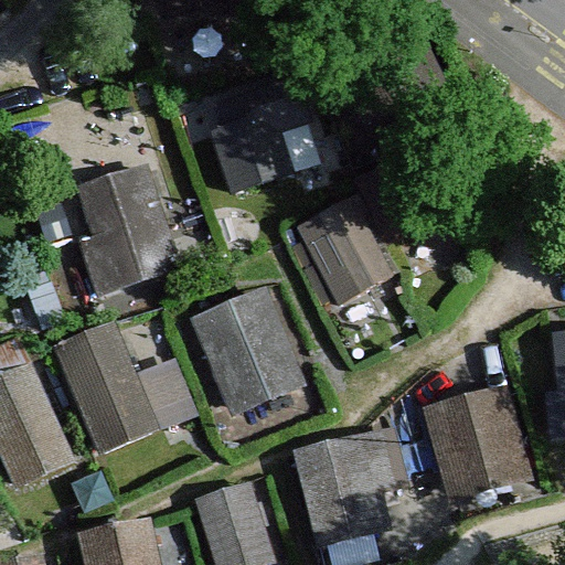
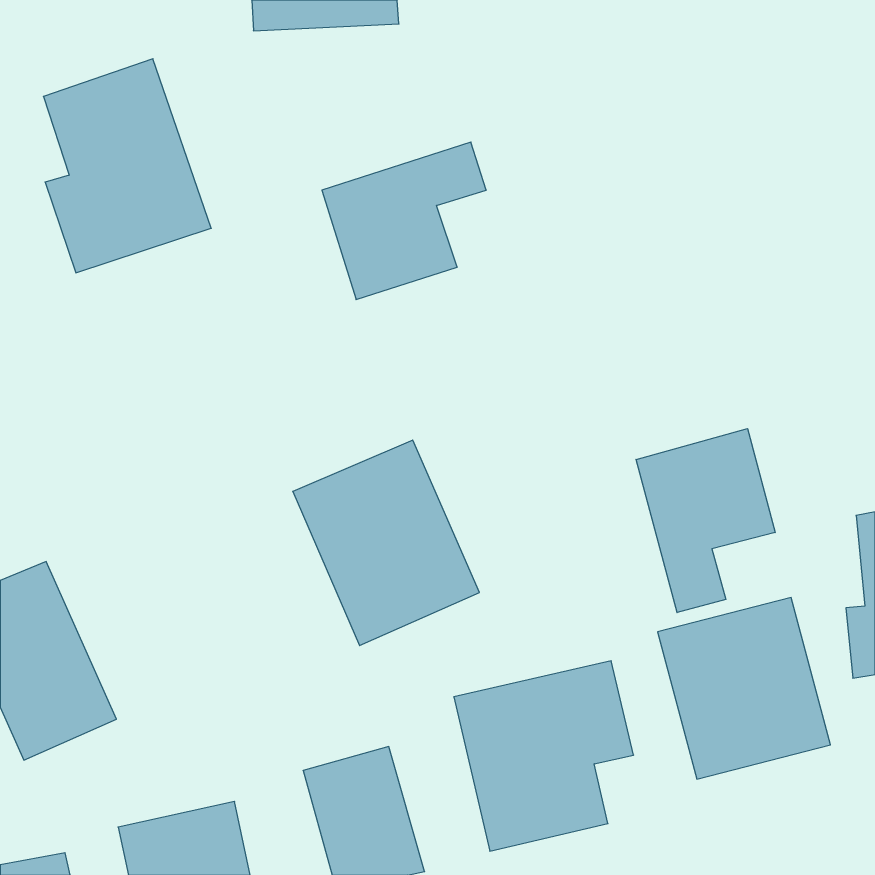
building: [76,160,184,298] -> [43,59,211,273]
building: [296,195,394,305] -> none
building: none -> [636,429,775,613]
building: [54,321,199,456] -> none

